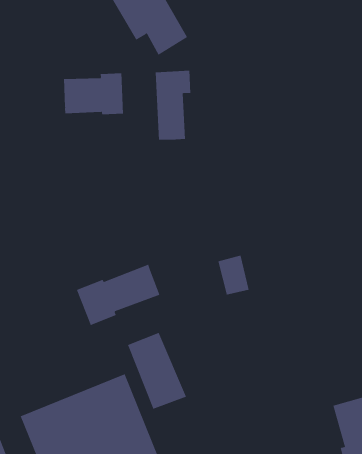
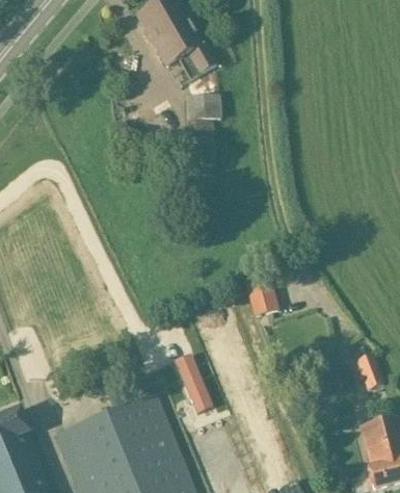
building: [64,72,124,115] -> none
building: [76,264,160,326] -> none
building: none -> [355,355,382,390]

